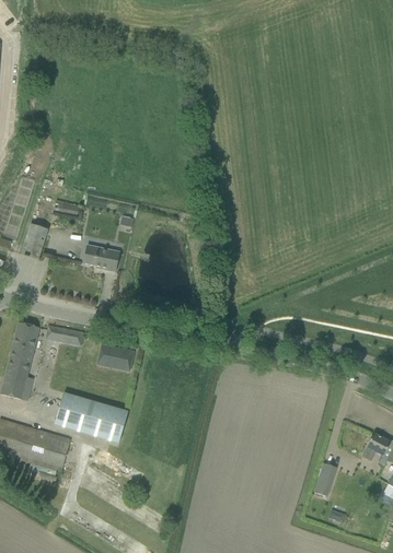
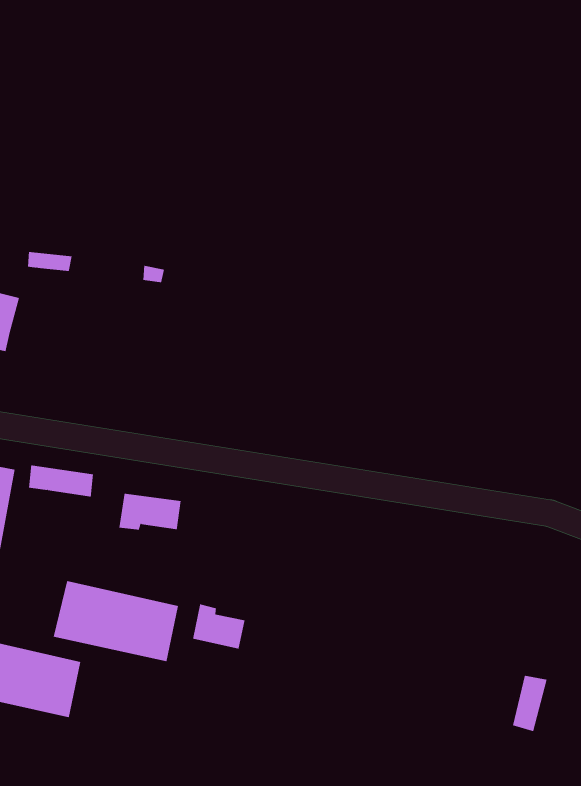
building: [84,245,119,271] -> none
building: none -> [193,604,245,649]

